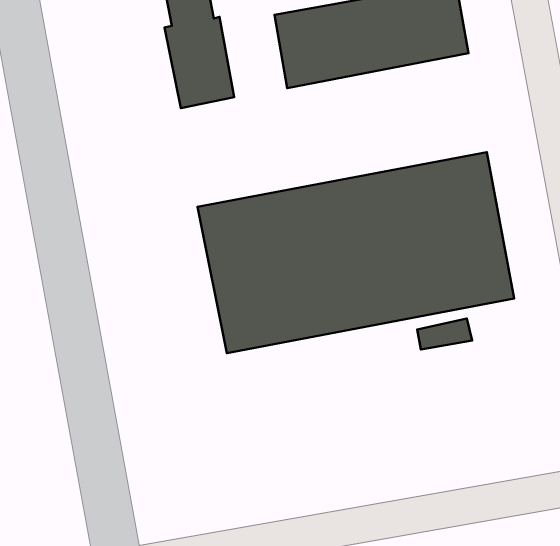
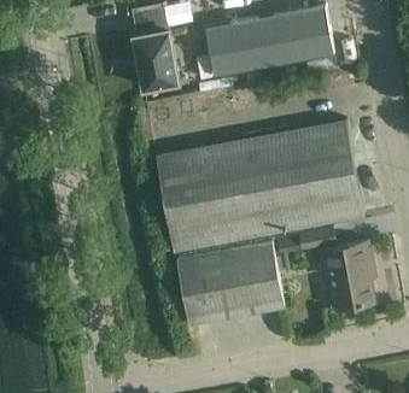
building: none -> [176,241,282,323]
building: none -> [319,241,373,307]

